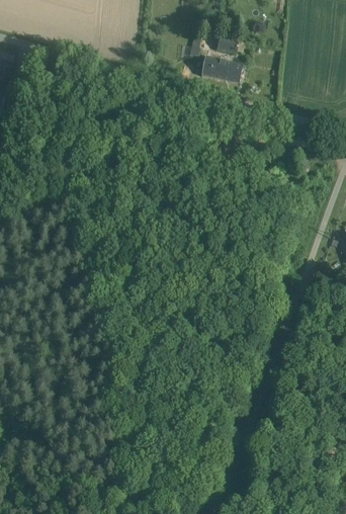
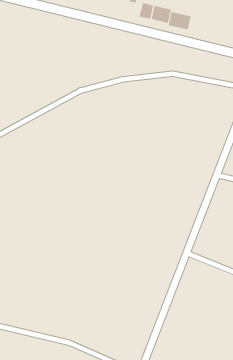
building: none -> [168,11,191,30]

